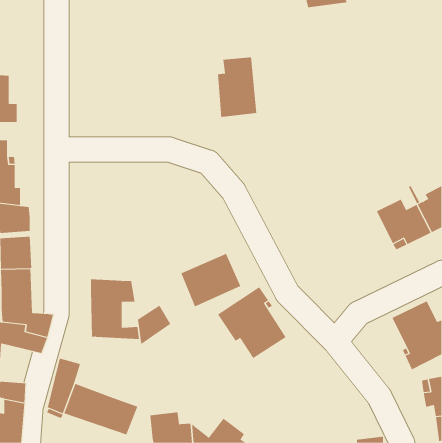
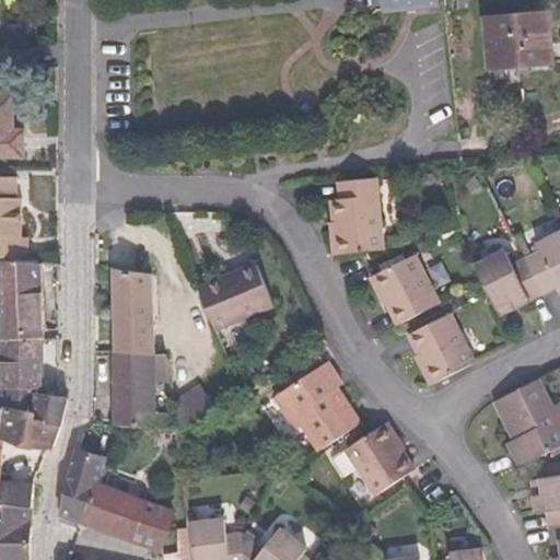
building: none -> [483,11,552,69]
building: [217,57,257,118] -> [332,178,383,255]
building: none -> [373,254,439,324]
building: none -> [112,269,154,353]
building: none -> [408,314,474,384]
building: [180,253,241,307] -> [197,262,273,330]
building: none -> [345,423,413,494]

